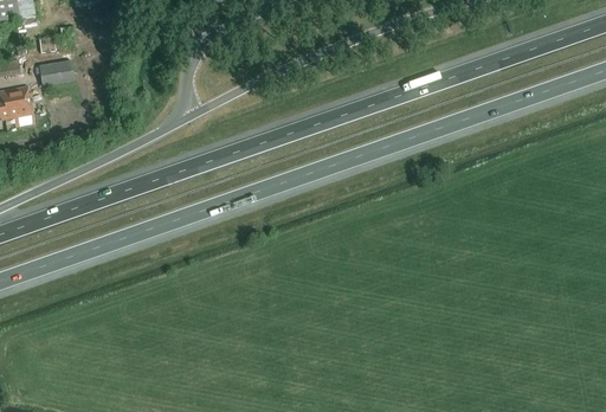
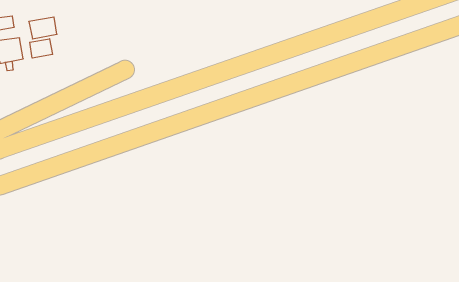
building: none -> [30,39,53,58]

